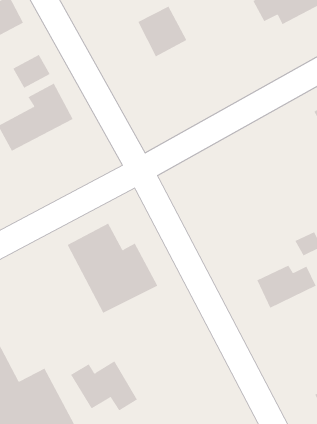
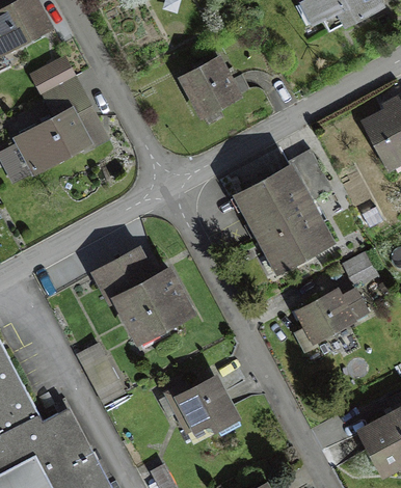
building: [138,6,187,57] -> [184,60,238,116]
building: none -> [237,148,335,273]
building: [70,361,138,411] -> [166,378,240,433]

